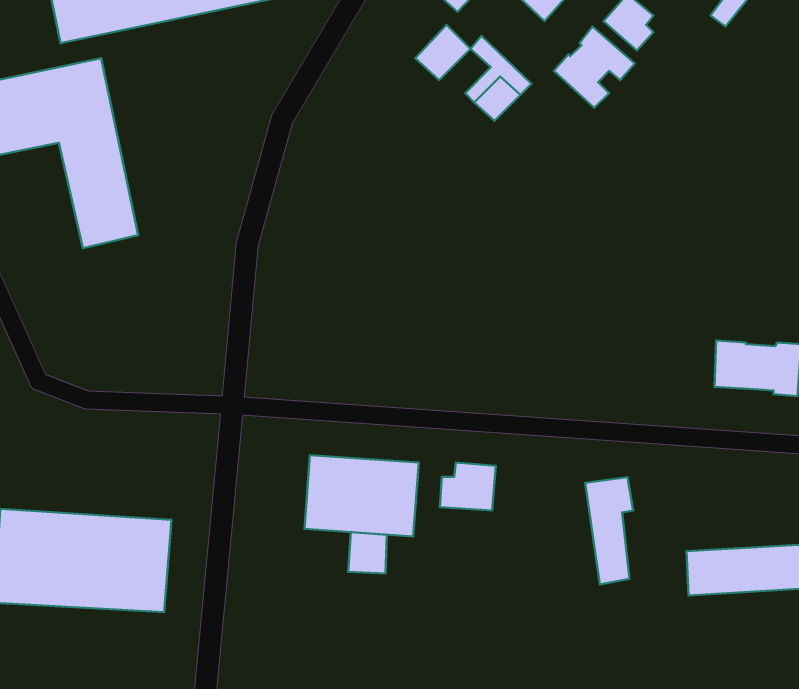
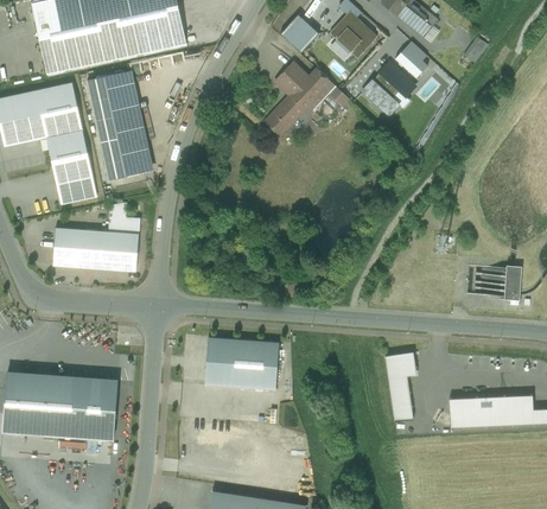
building: none -> [88,71,153,180]
building: none -> [266,77,323,134]
building: none -> [53,229,139,271]
building: [440,462,496,511] -> none
building: [348,532,387,573] -> none

